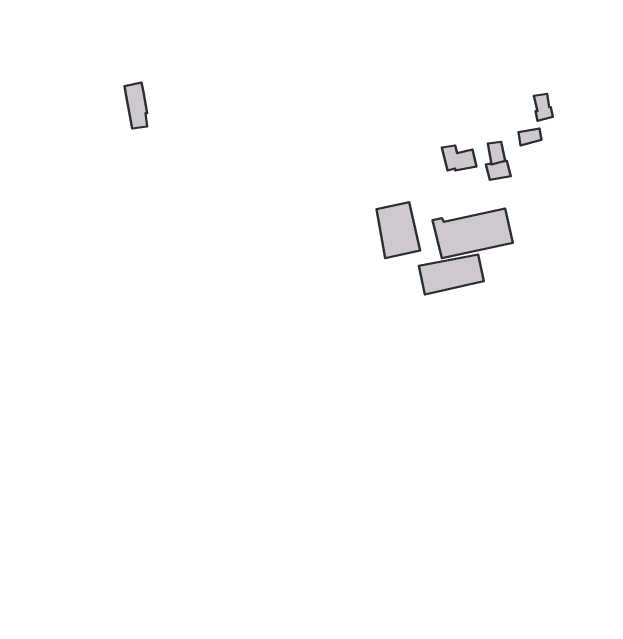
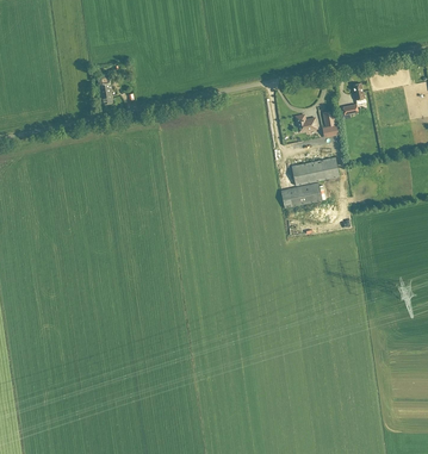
building: [377,202,420,258] -> none

